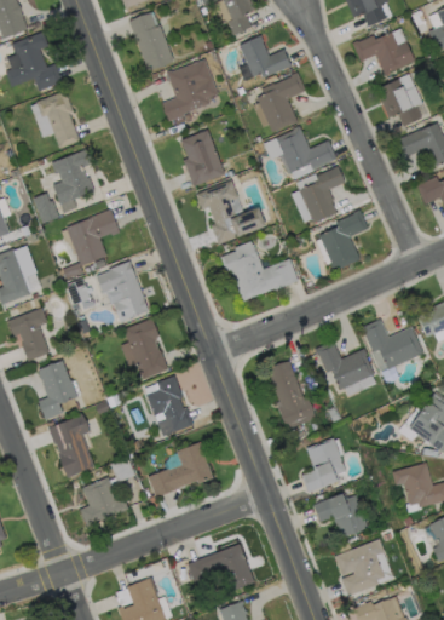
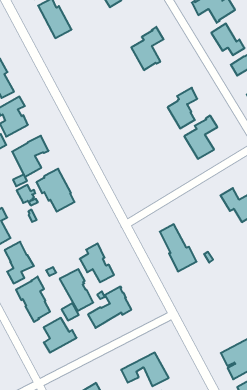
building: [240,35,290,79] -> none
building: [162,59,219,121] -> none
building: [276,126,338,172] -> none
building: [181,130,225,186] -> none
building: [196,180,265,245] -> none
building: [220,241,299,300] -> none
building: [123,318,168,379] -> [60,269,93,311]
building: [315,340,374,390] -> none
building: [301,438,346,493] -> none
building: [313,493,368,538] -> none

